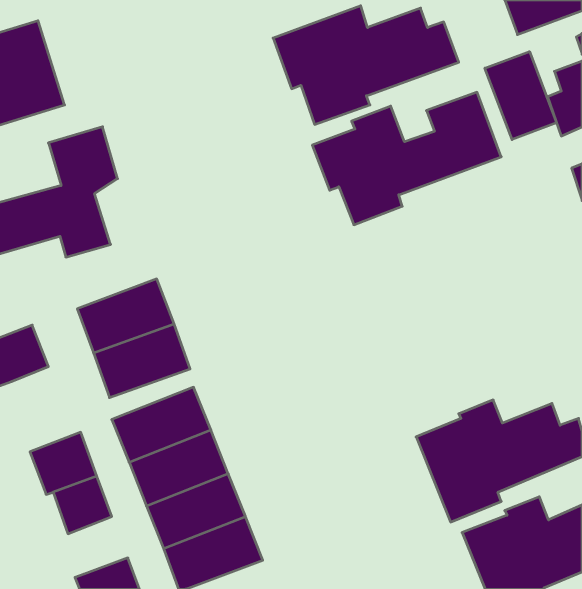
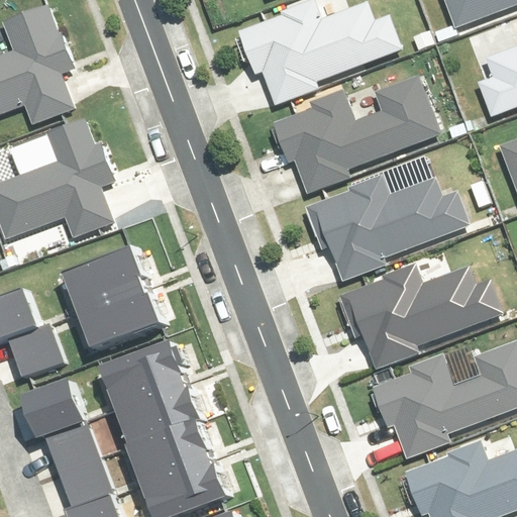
building: [485,52,557,140] -> none
building: none -> [310,176,464,283]
building: none -> [338,261,492,365]
building: none -> [10,317,68,372]
building: none -> [60,452,112,503]

